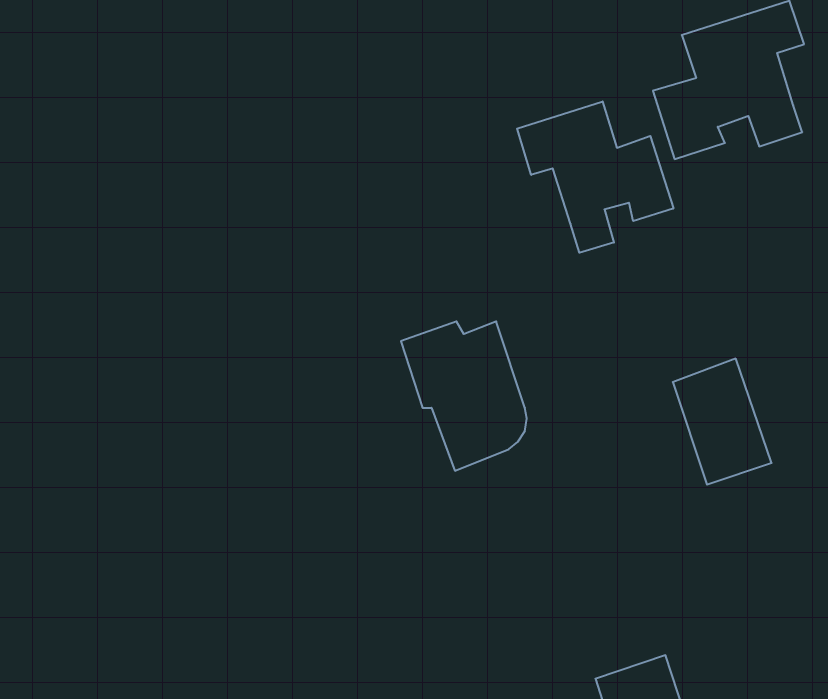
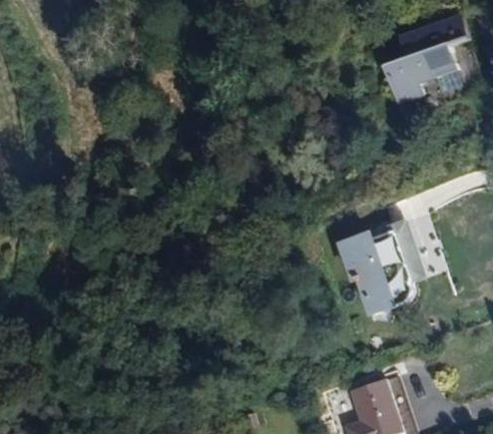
building: [517,101,673,253] -> none
building: [401,321,527,471] -> [338,233,408,316]

